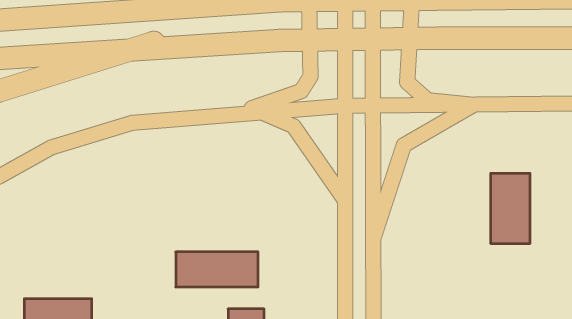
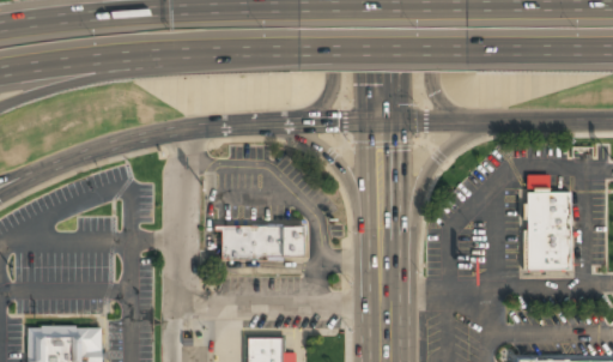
building: [176,252,258,287] -> [221,225,309,263]

